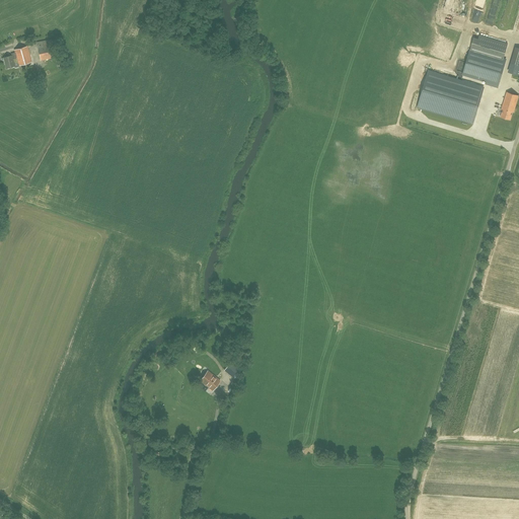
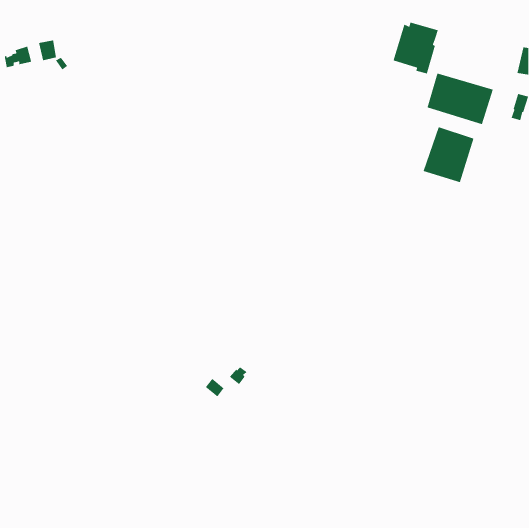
building: [462,34,508,86] -> [392,22,439,74]
building: none -> [422,126,474,183]

